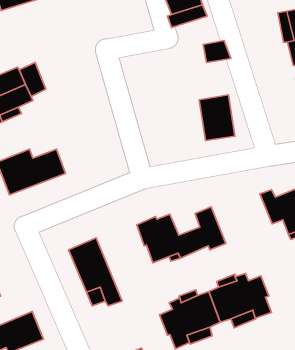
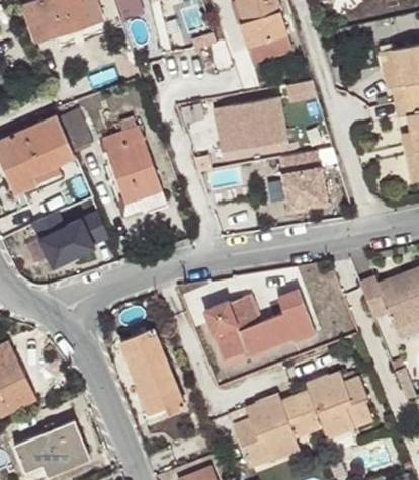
building: none -> [215,100,288,152]
building: none -> [103,119,162,206]

